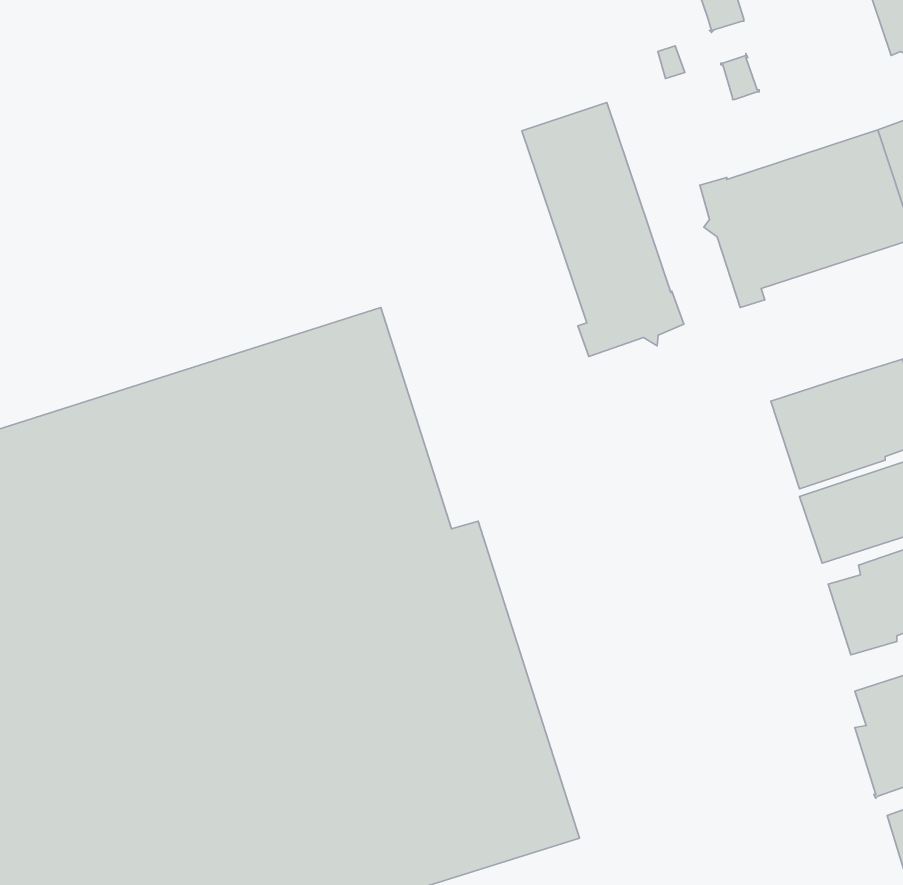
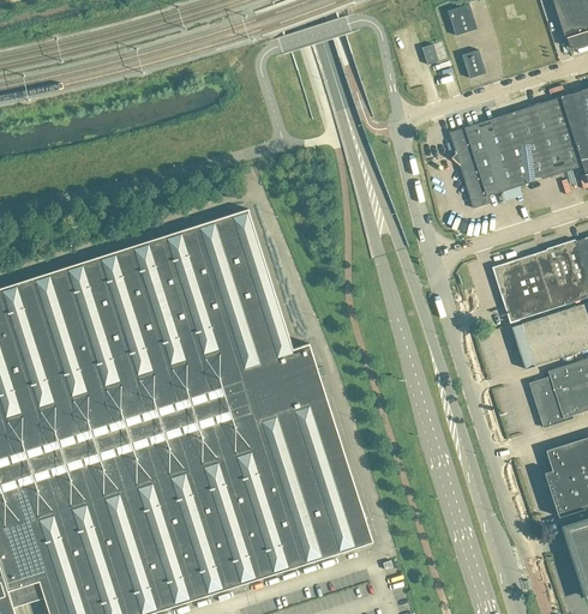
building: [522,102,684,357] -> none

